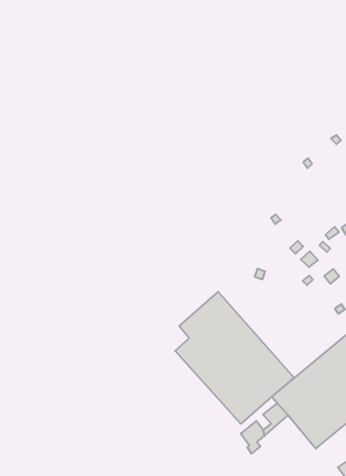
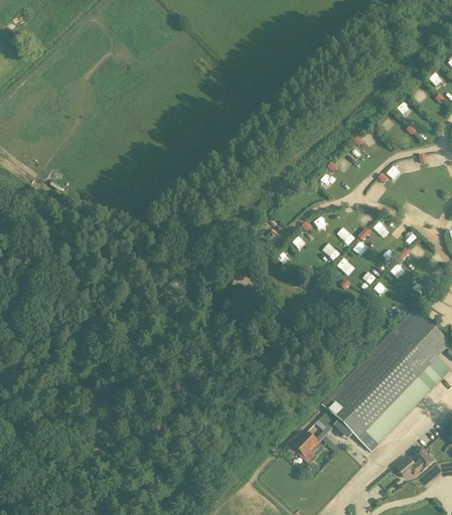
building: [175,292,294,424] -> none

